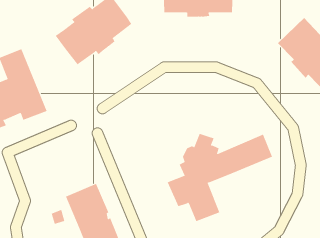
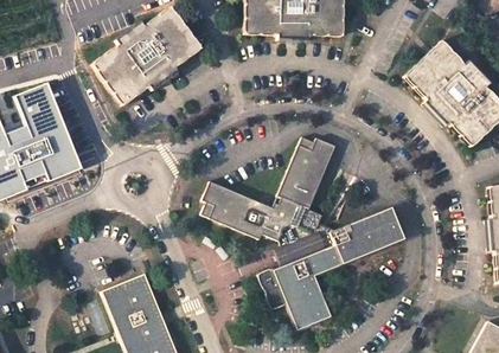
building: none -> [203,135,334,236]

